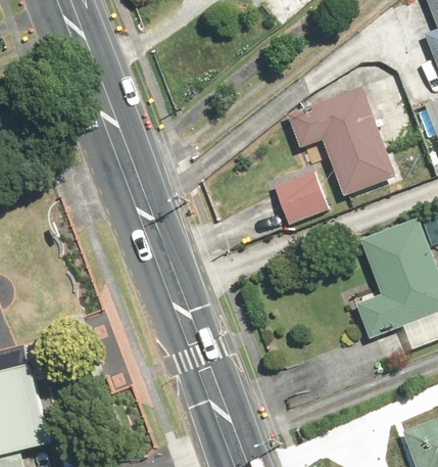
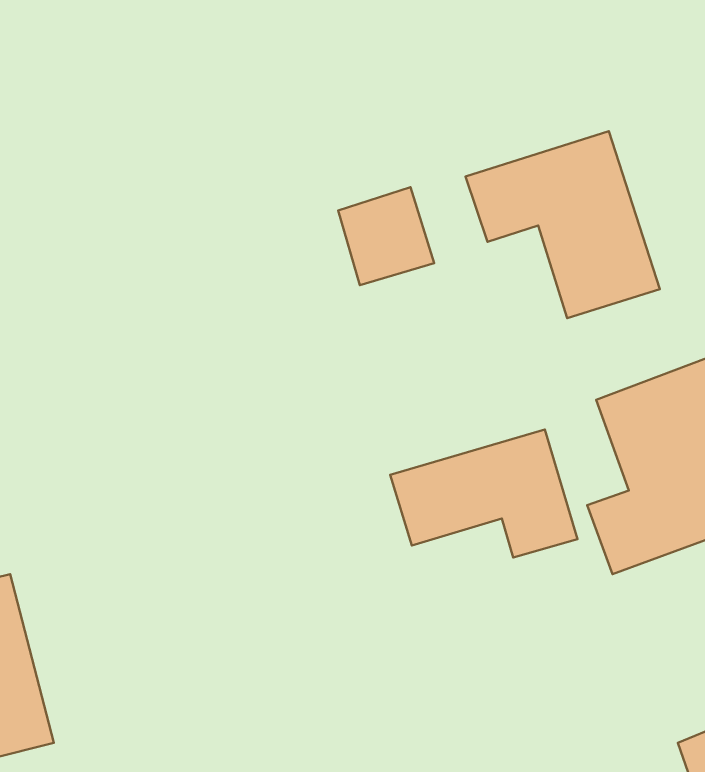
building: [273,172,327,227] -> [338,187,434,285]
building: none -> [390,430,578,558]

